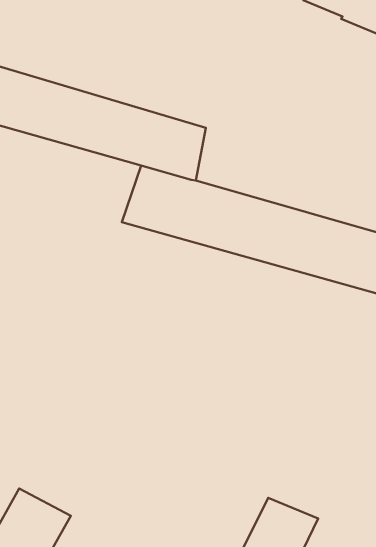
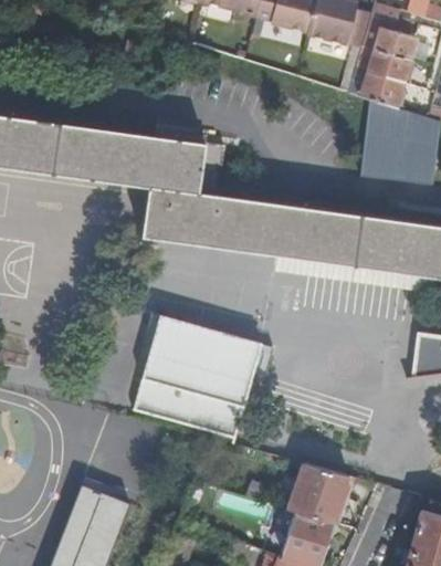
building: none -> [126,313,260,437]

